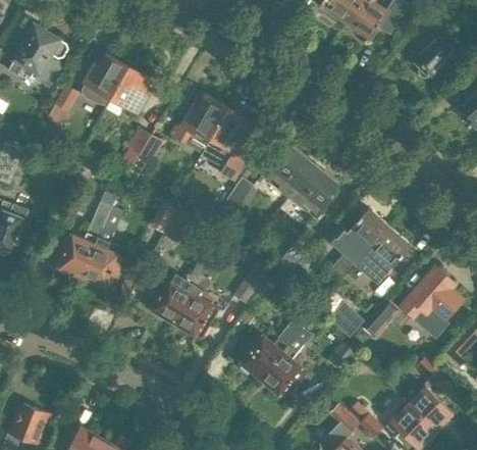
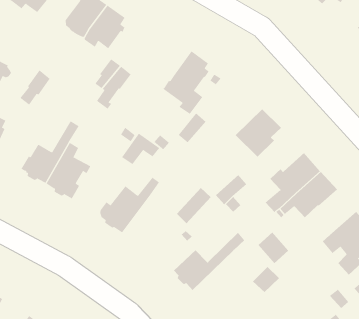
building: [48,83,81,124] -> [20,69,51,105]
building: [173,91,228,152] -> none
building: [262,144,316,196] -> none
building: [174,274,218,337] -> none
building: [362,298,401,338] -> none
building: [261,327,311,397] -> none

